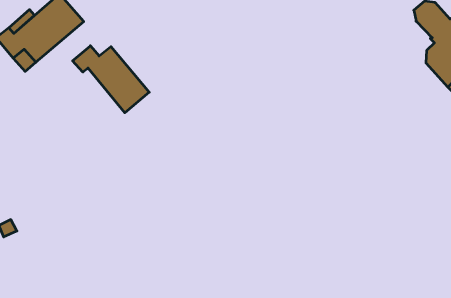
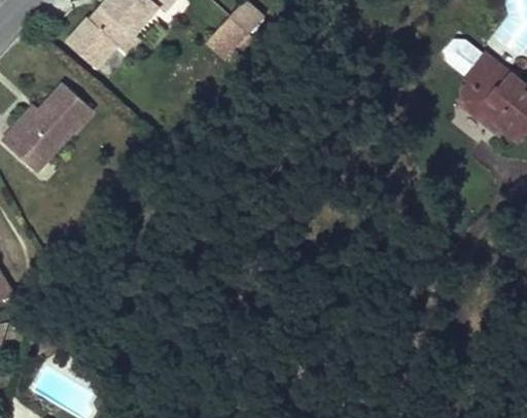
building: [73,46,149,113] -> none

